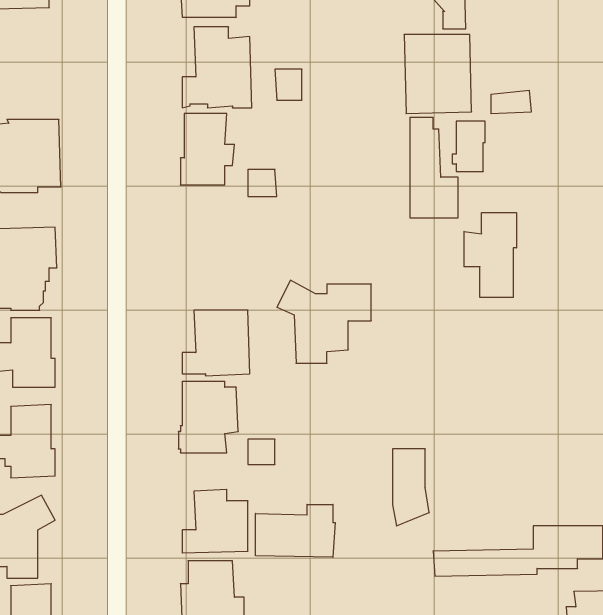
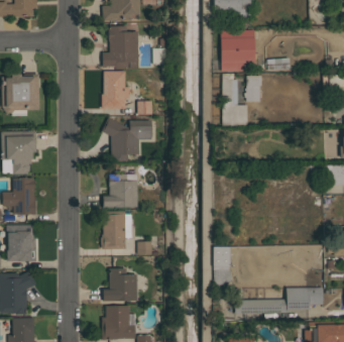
building: [464,213,516,297] -> none
building: [277,280,371,363] -> [102,118,151,161]
building: [256,504,335,557] -> none

